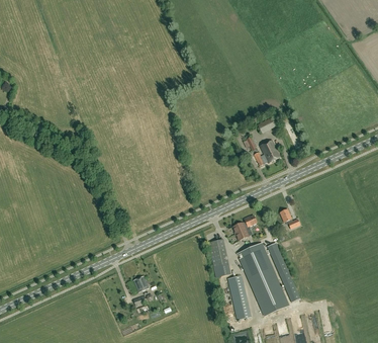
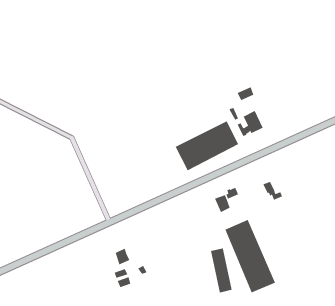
building: none -> [175,121,239,171]
building: [207,239,229,276] -> none

